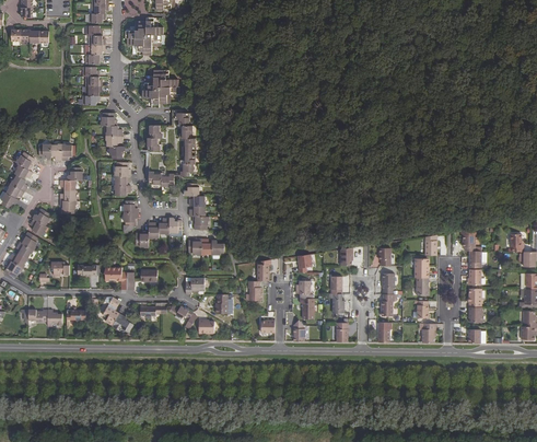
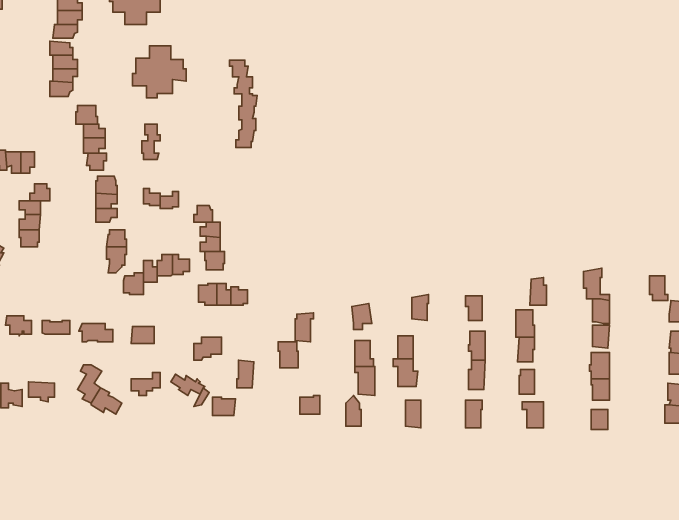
building: [176,113,196,175] -> [230,60,257,148]

